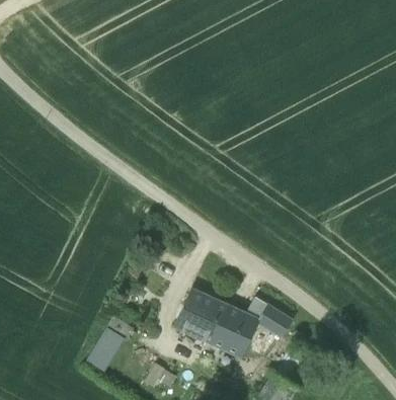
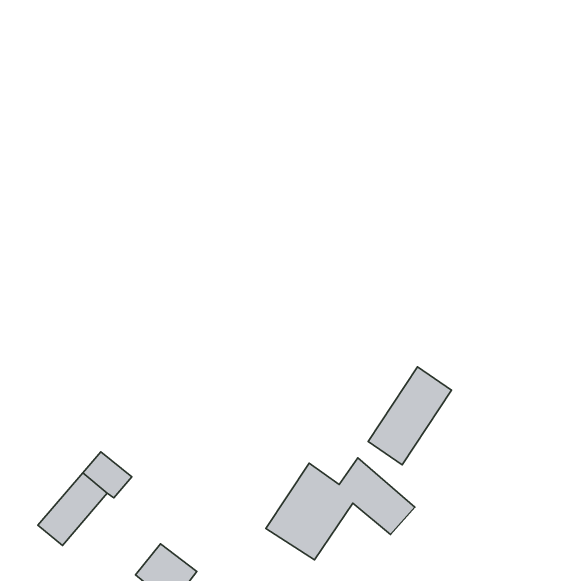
building: none -> [368,367,451,465]
building: [174,289,231,345] -> none

